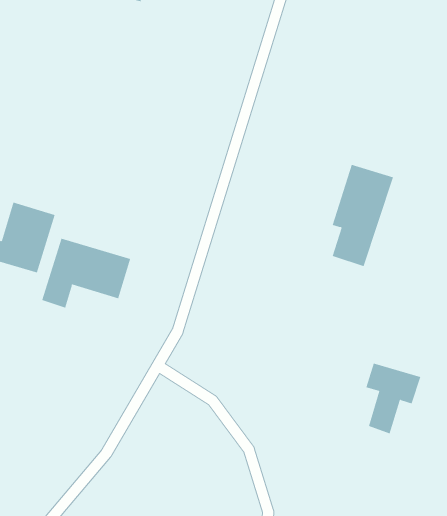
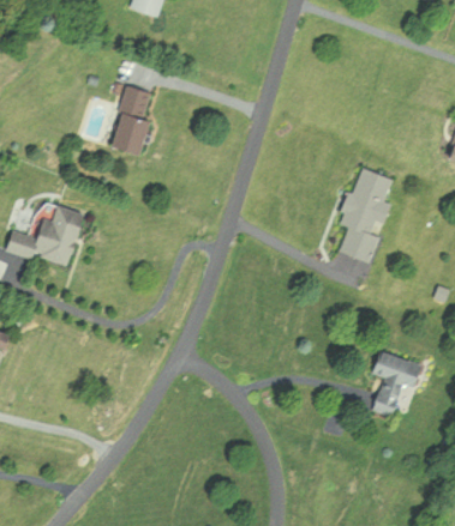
building: none -> [113,86,151,155]
building: [42,238,131,309] -> none

